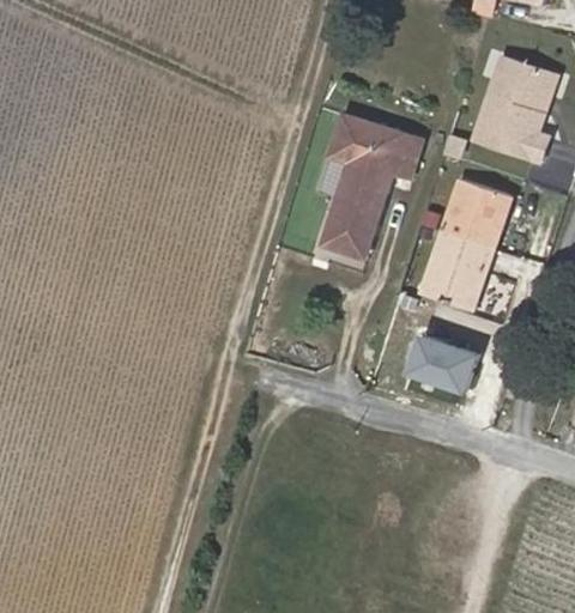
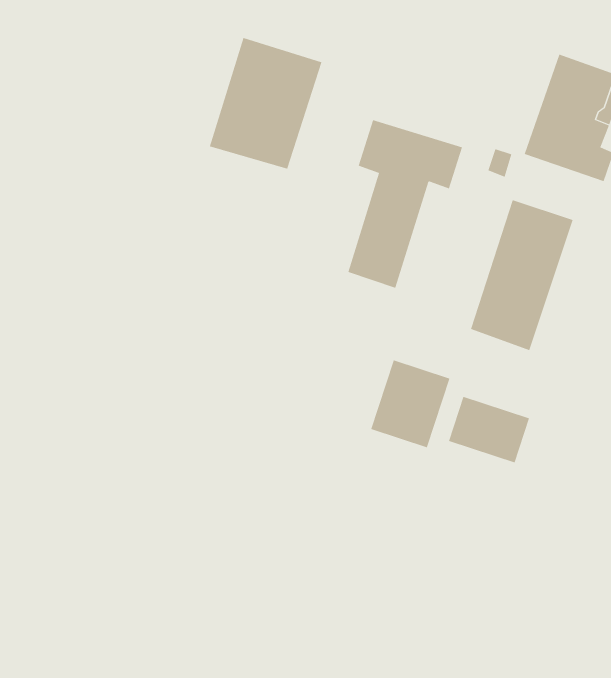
building: none -> [209,37,322,169]
building: none -> [371,360,450,448]

